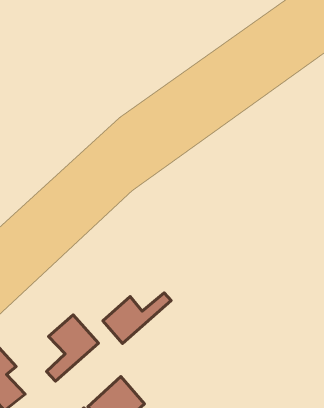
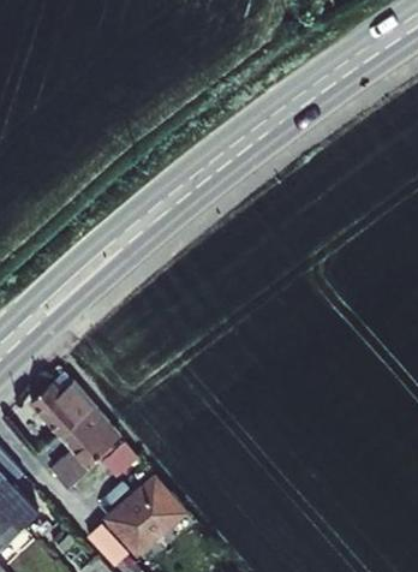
building: [103,293,171,343] -> none
building: none -> [32,385,92,436]

